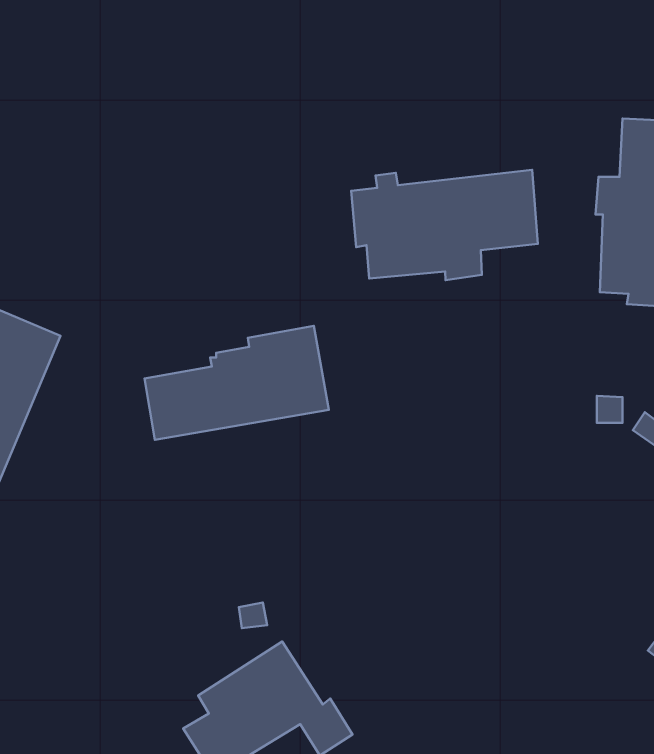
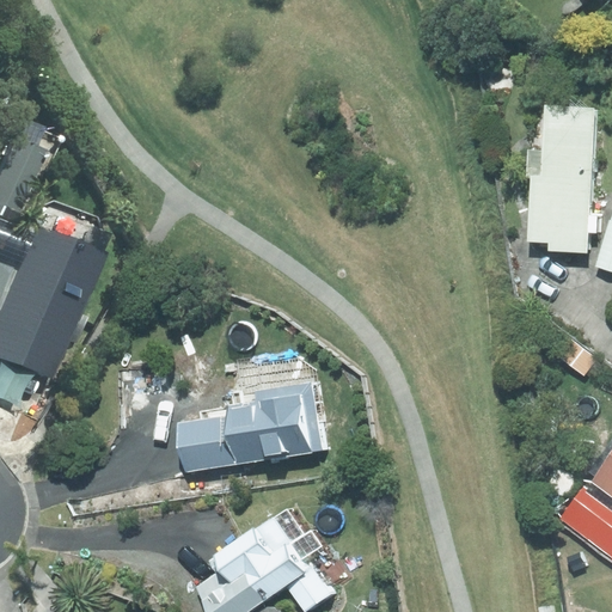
building: [351,170,538,280] -> none
building: [144,326,329,440] -> [176,381,323,472]

